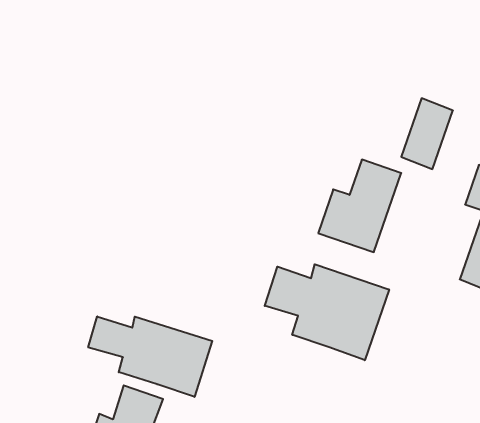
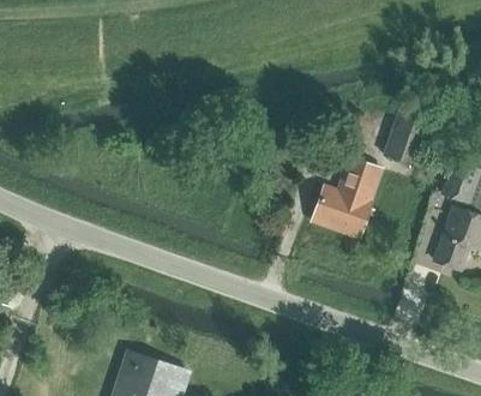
building: [265,264,389,360] -> none
building: [88,316,212,397] -> none

